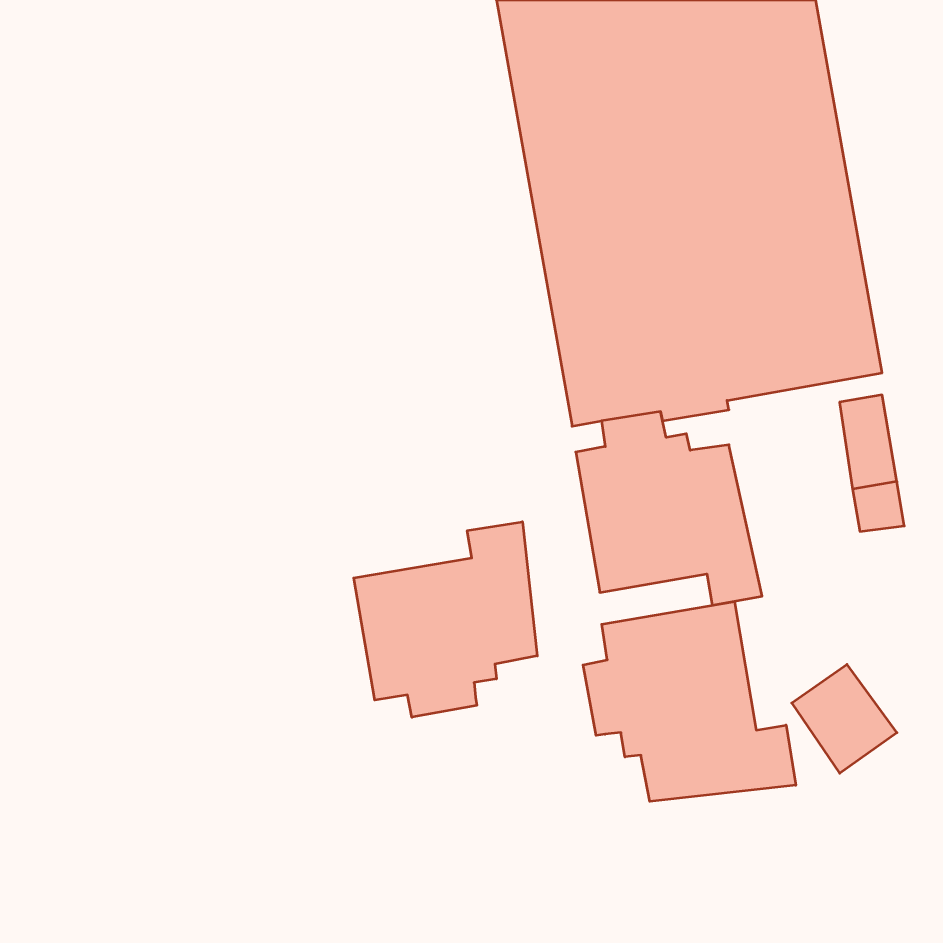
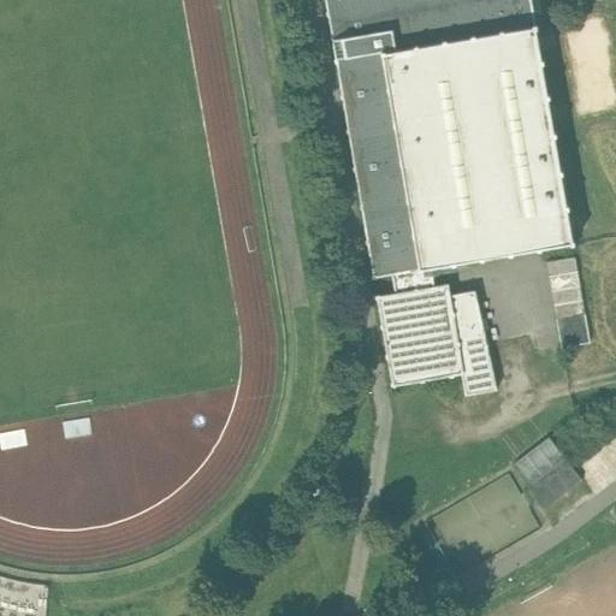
building: [354,522,537,717] -> none
building: [583,602,796,801] -> none

